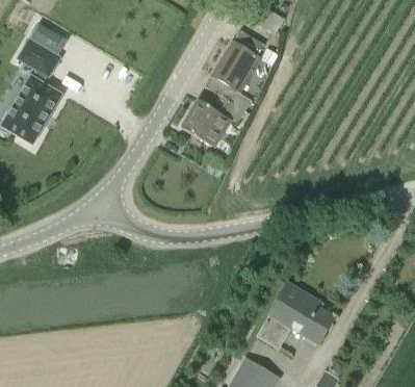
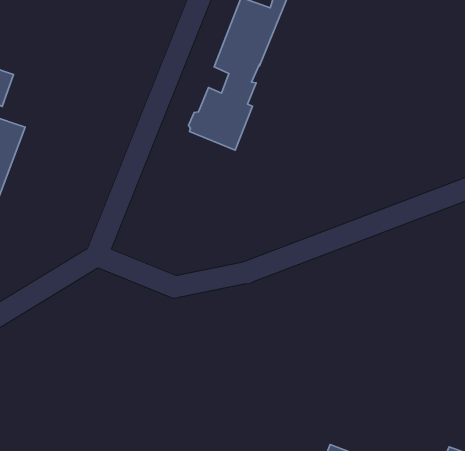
building: [259,284,334,347] -> none

